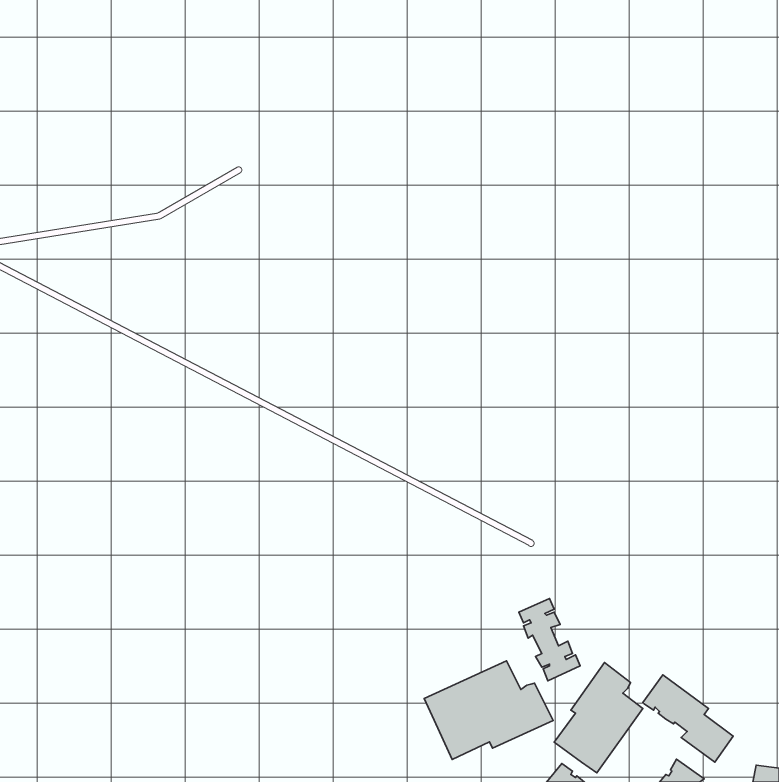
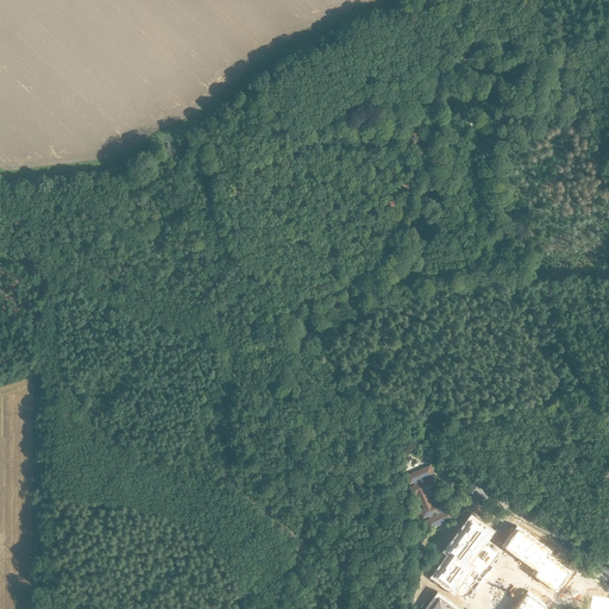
building: [424,661,553,760] -> none

